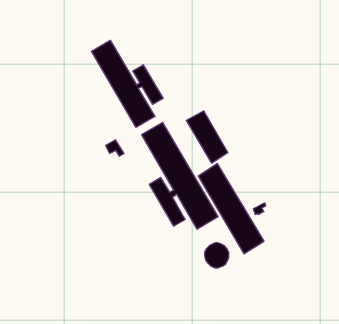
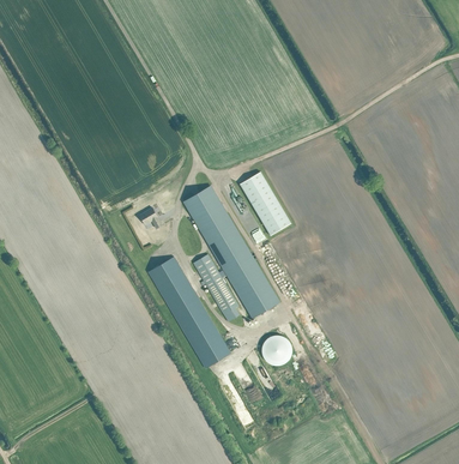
building: [91,40,163,127] -> none
building: [198,164,264,254] -> [149,255,230,367]

